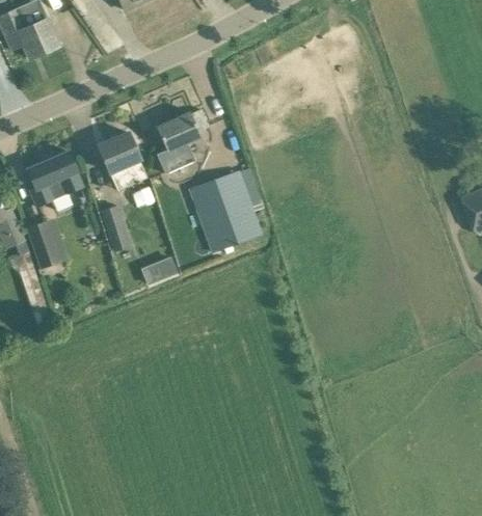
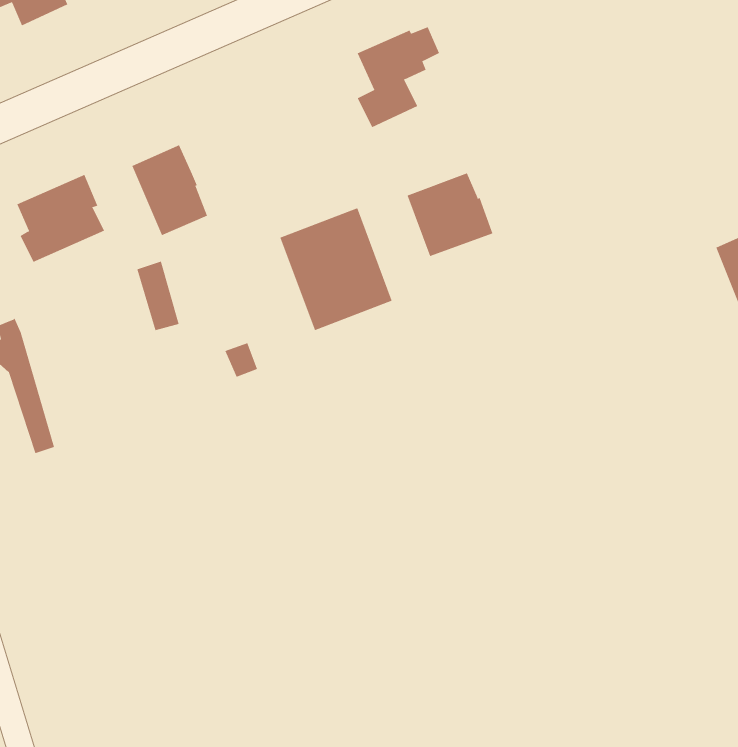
building: [157,109,209,172] -> [357,26,440,128]
building: none -> [407,172,493,257]
building: [26,220,61,269] -> none

